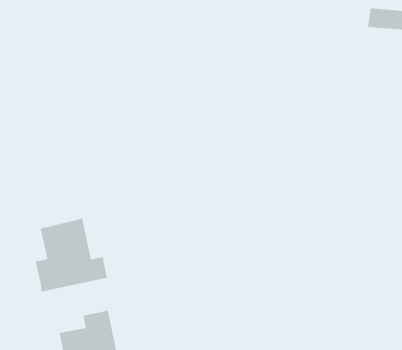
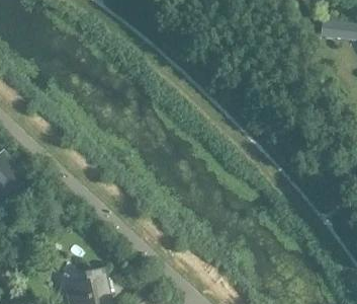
building: [35,218,108,292] -> none

